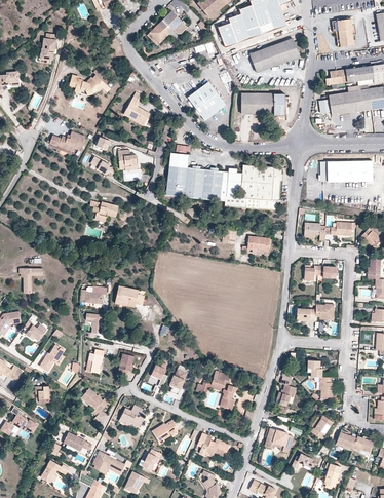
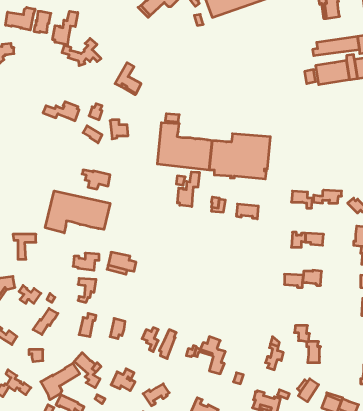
building: none -> [6,7,35,30]
building: [249,38,299,72] -> none
building: none -> [53,11,78,45]
building: [187,82,226,121] -> none
building: [241,92,286,121] -> none
building: [319,160,373,181] -> none
building: none -> [177,172,199,207]
building: none -> [45,191,110,233]
building: none -> [41,363,80,400]

